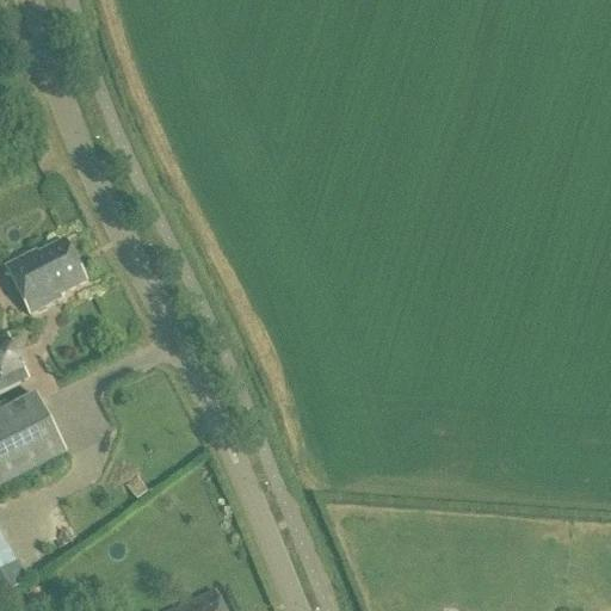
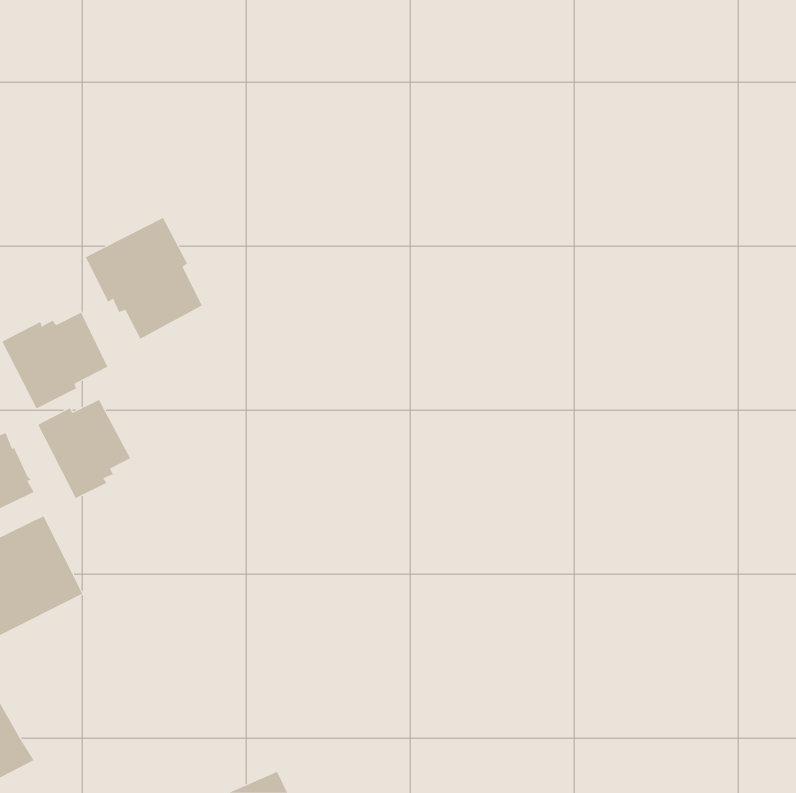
building: none -> [85,217,202,339]
building: none -> [38,399,131,499]

